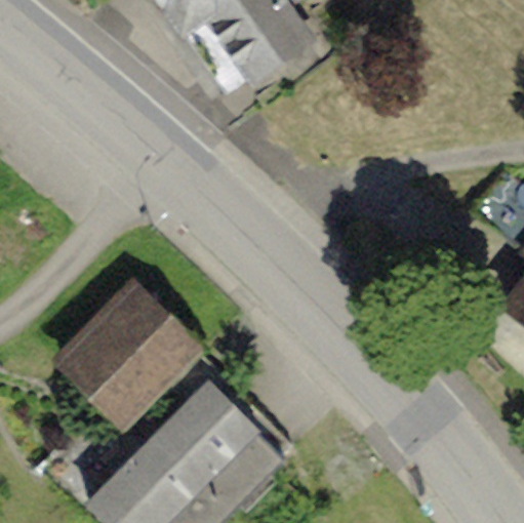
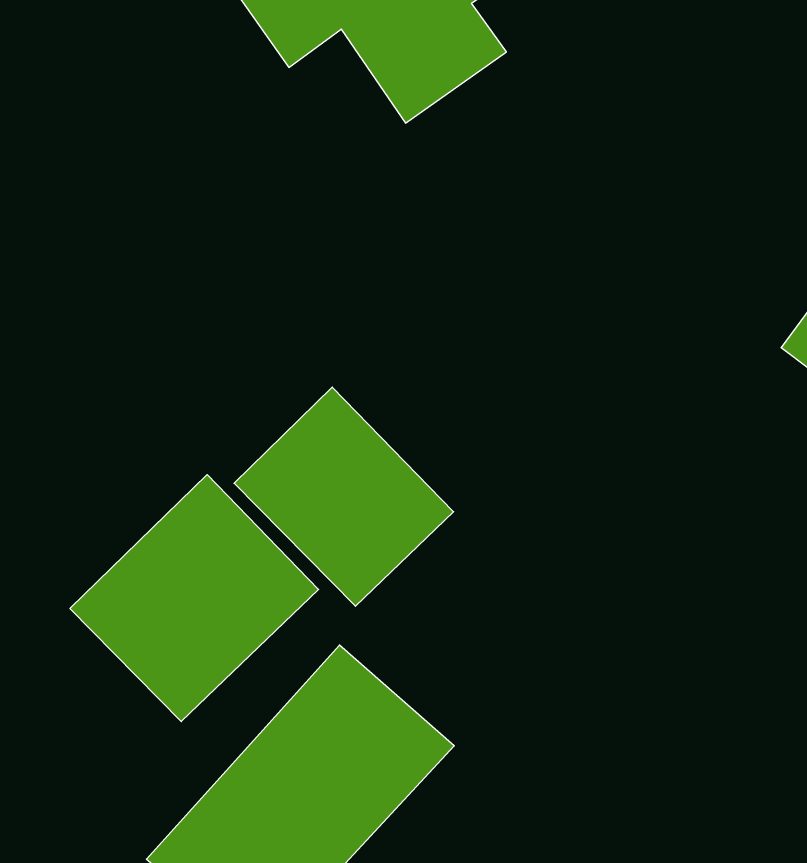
building: none -> [234,387,454,606]

